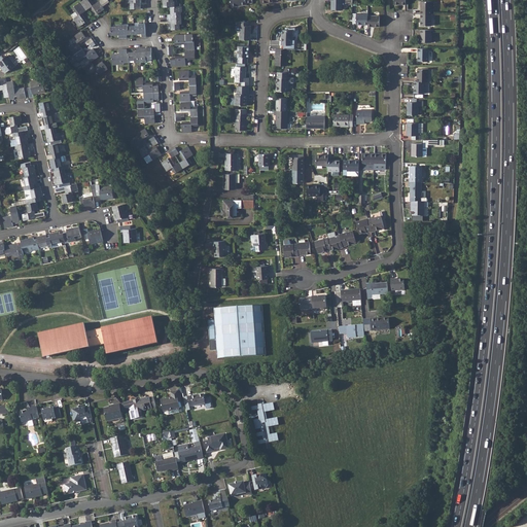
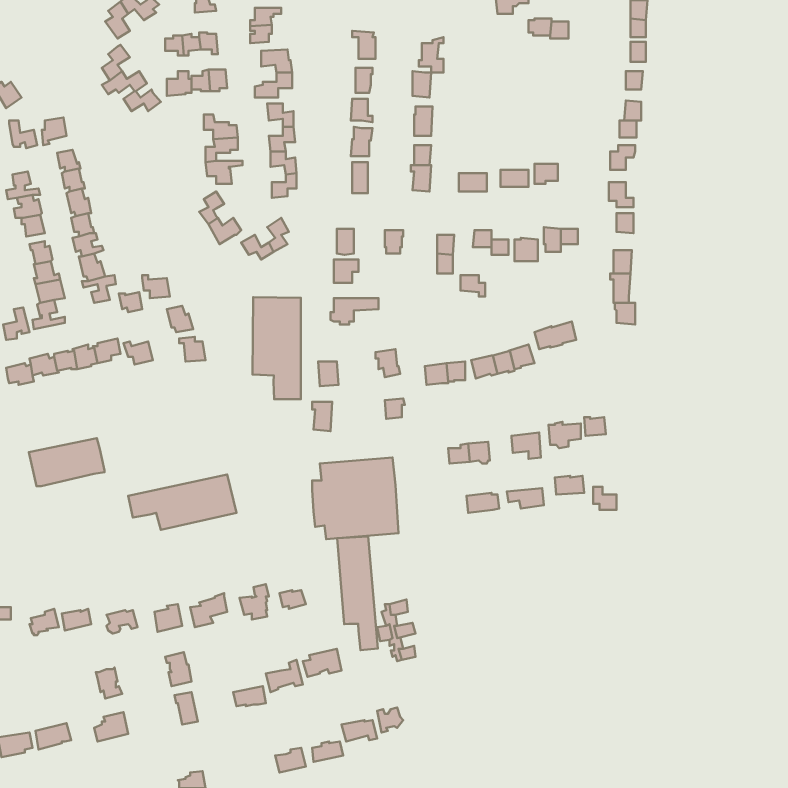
building: none -> [253,297,301,399]
building: [38,323,89,355] -> [29,438,105,486]
building: none -> [337,537,378,650]

